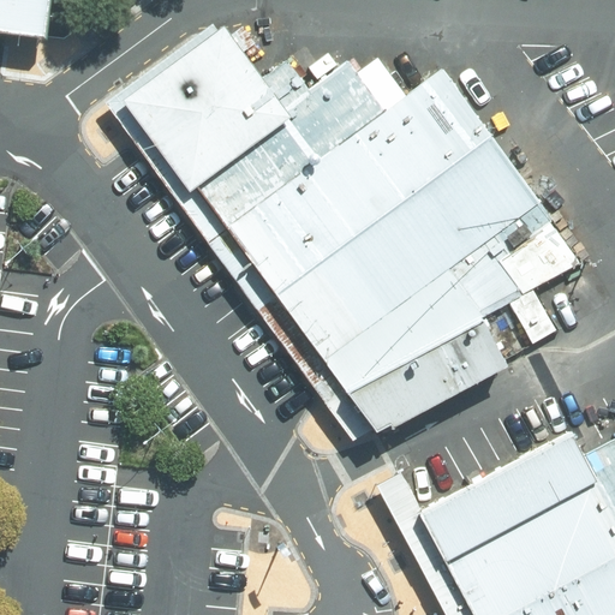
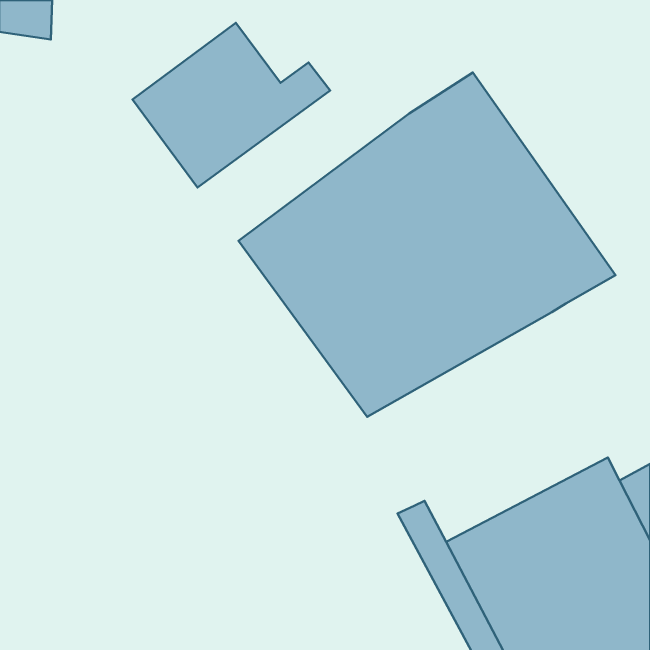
building: [186,60,386,228] -> none
building: [346,295,548,432] -> none

